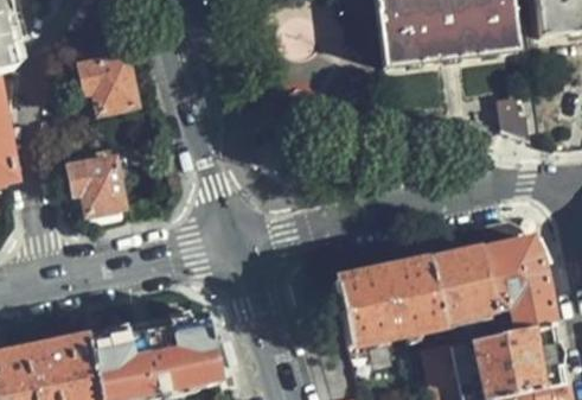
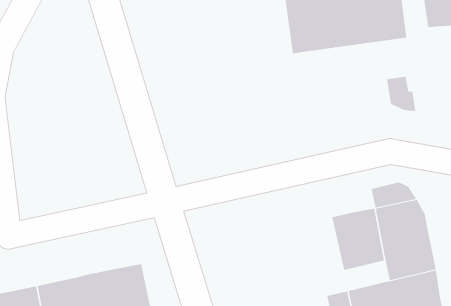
building: [81,52,135,109] -> none
building: [69,158,123,212] -> none
building: [334,258,447,344] -> none

